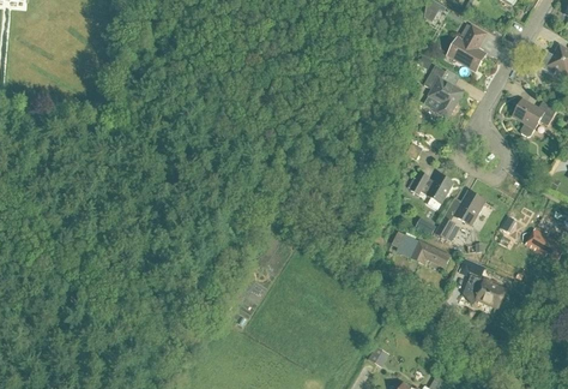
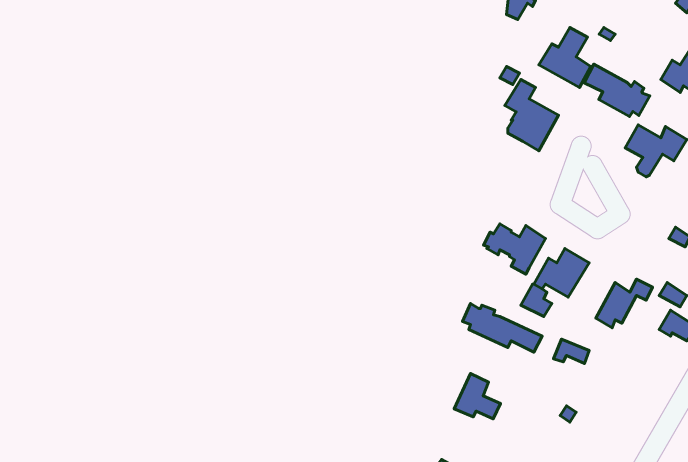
building: none -> [584,64,650,117]
building: [463,274,502,305] -> none
building: none -> [454,374,501,419]

